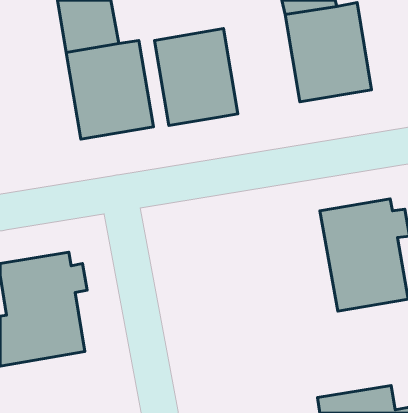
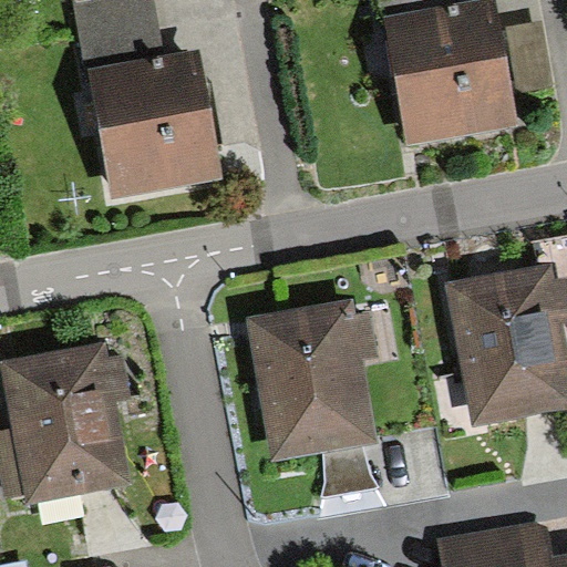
building: [154,29,238,126] -> none
building: none -> [249,305,372,460]

